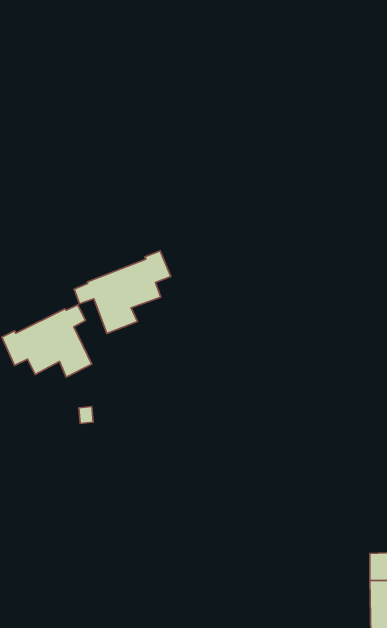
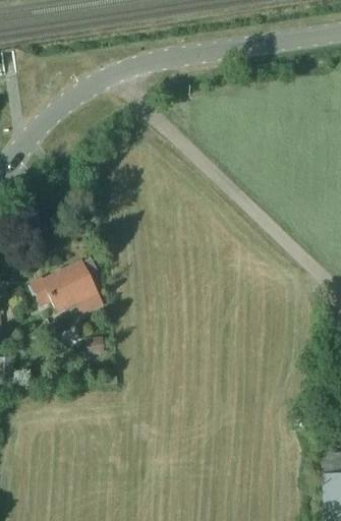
building: [74,251,171,333] -> none

